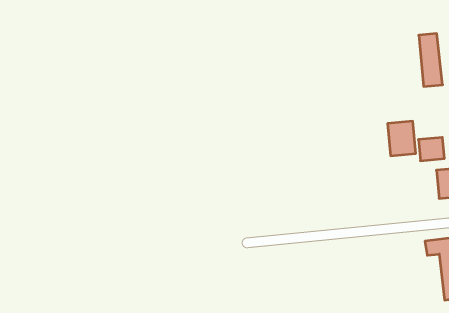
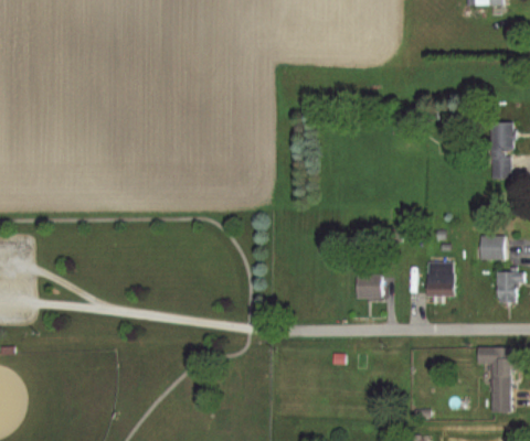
building: [388,121,416,156] -> [425,260,453,295]
building: none -> [356,273,382,298]

